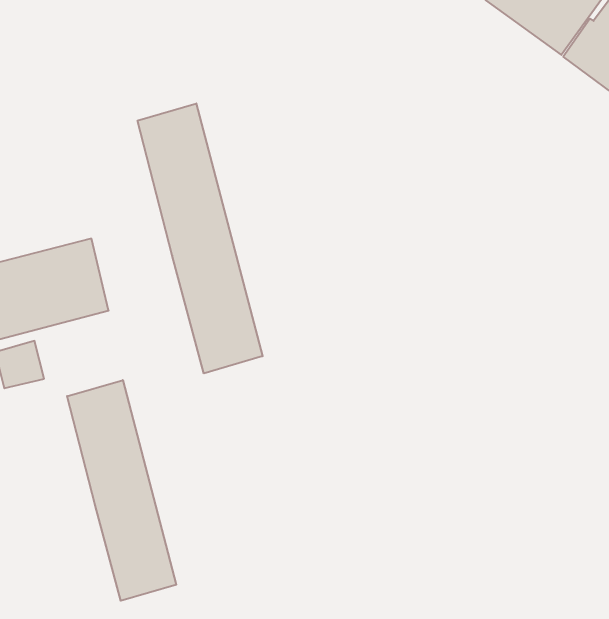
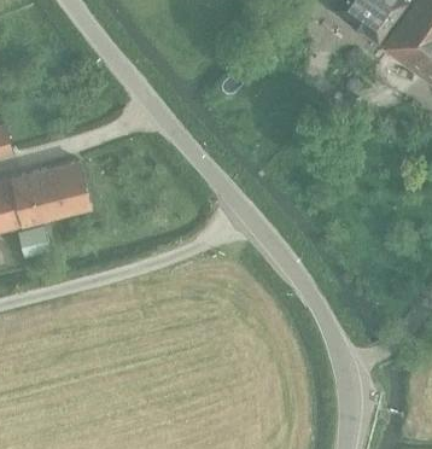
building: [138,103,263,373] -> none
building: [67,380,176,601] -> none

